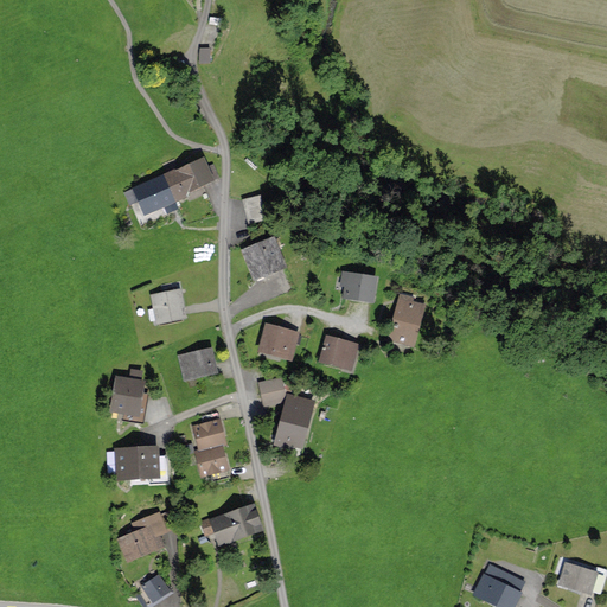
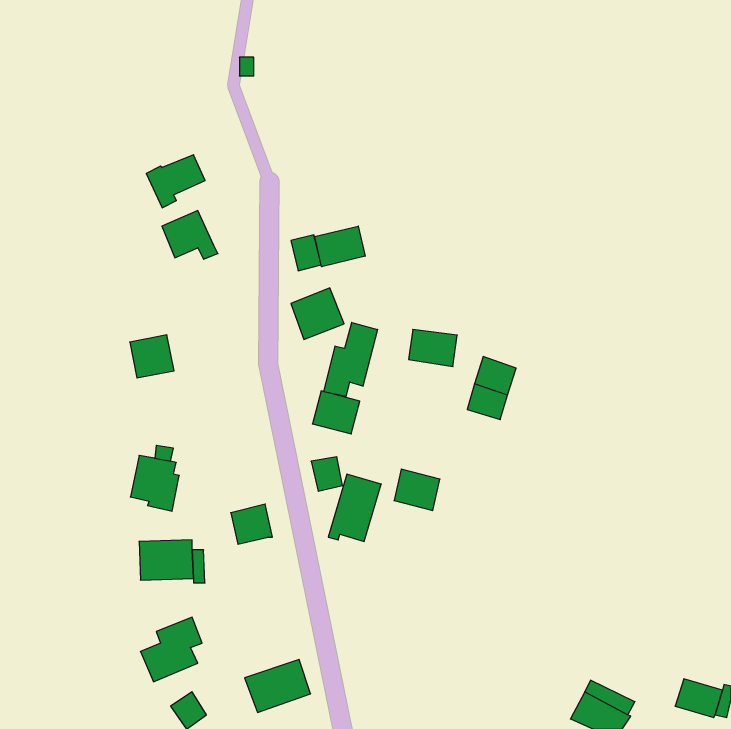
building: [164,159,212,203] -> [146,155,205,208]
building: none -> [315,226,365,267]
building: none -> [324,322,378,397]
building: [151,288,187,324] -> [130,335,174,378]
building: [320,336,358,370] -> [394,469,440,511]
building: [177,347,217,382] -> none
building: [193,445,228,478] -> none
building: [207,504,262,548] -> [245,659,311,712]

